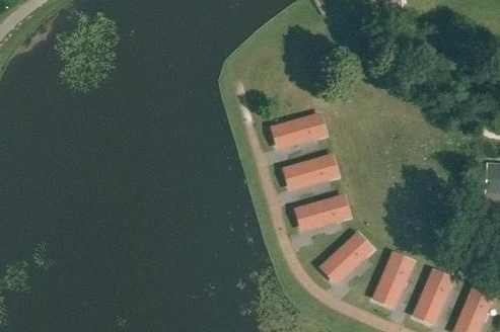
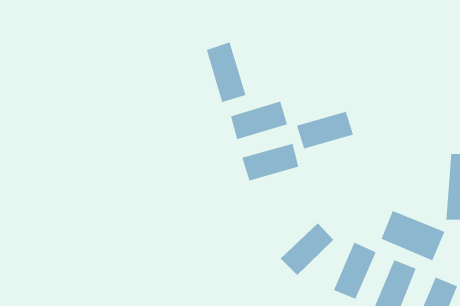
building: none -> [206,42,246,103]
building: [294,193,351,231] -> [296,111,354,149]
building: none -> [381,210,445,261]

